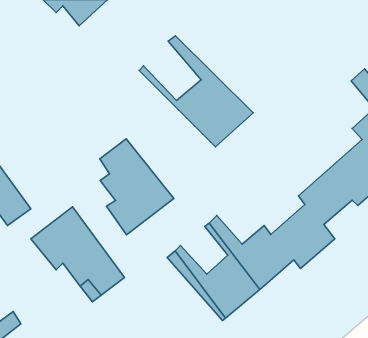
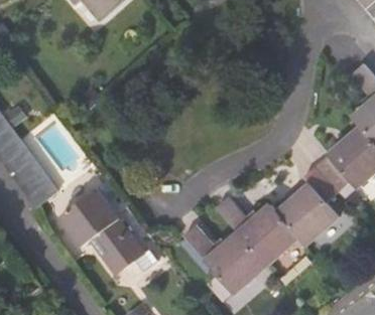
building: [139,36,253,147] -> none
building: [100,139,174,235] -> none

